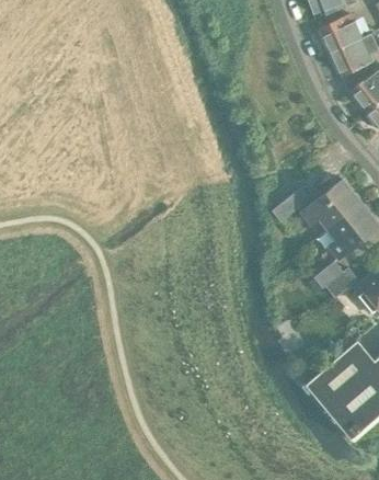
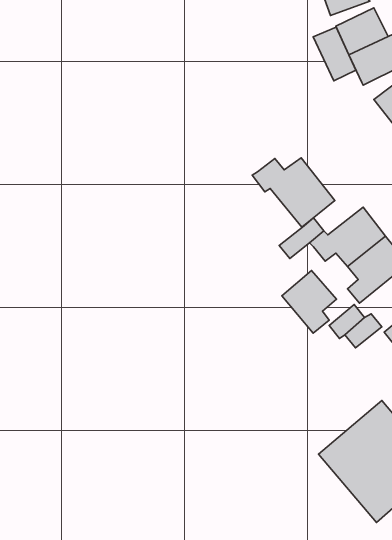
building: none -> [313,27,356,81]
building: none -> [252,158,335,227]
building: none -> [282,271,337,333]

